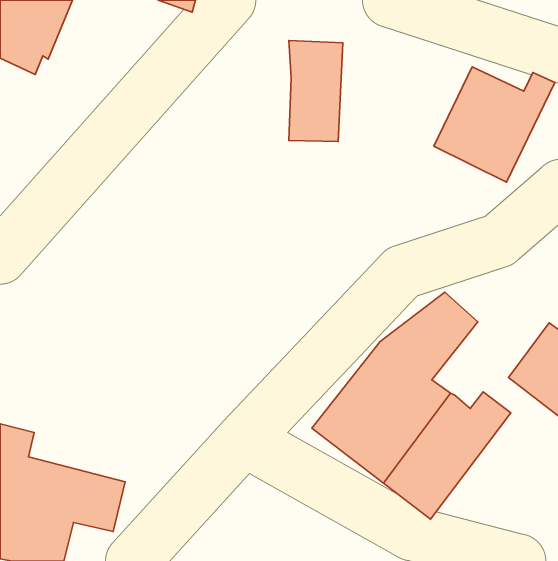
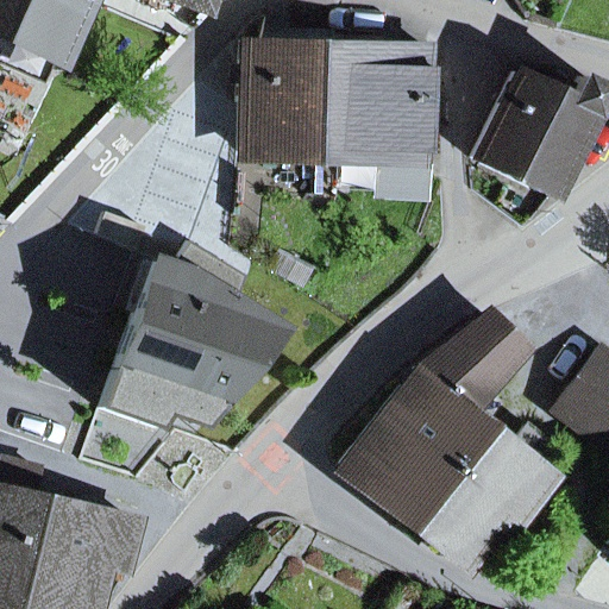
building: none -> [238,17,319,152]
building: none -> [370,46,432,156]
building: none -> [100,241,277,429]

